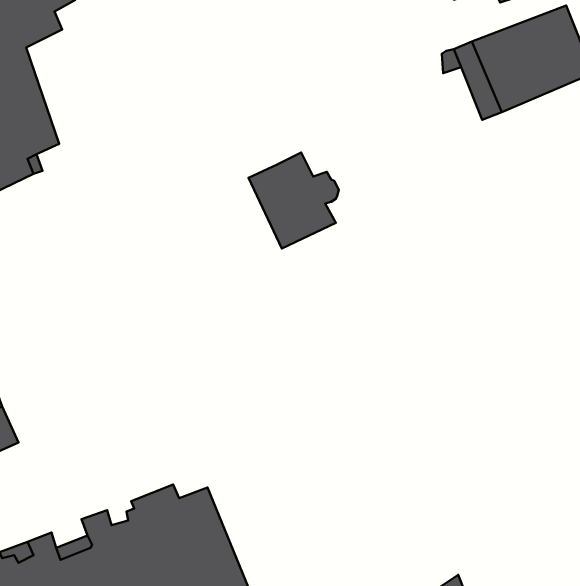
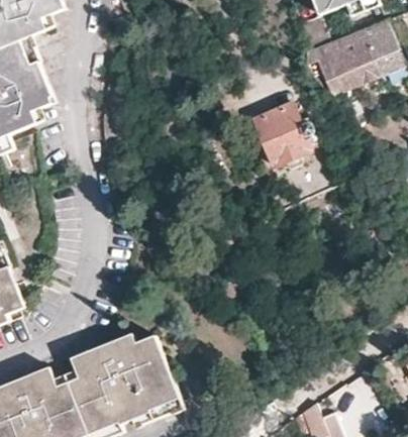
building: [249,152,339,249] -> [253,103,314,168]

